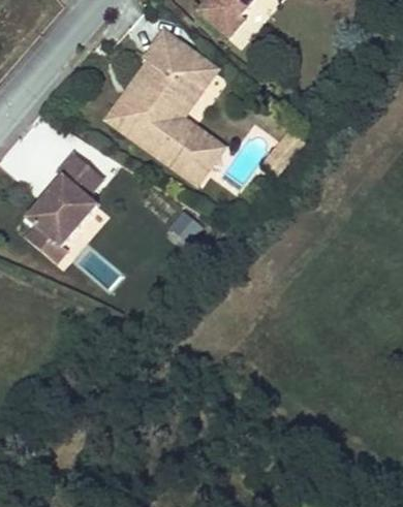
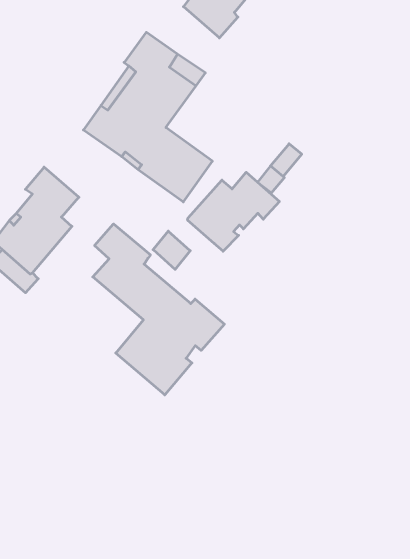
building: none -> [188,172,279,251]
building: none -> [93,224,224,395]

